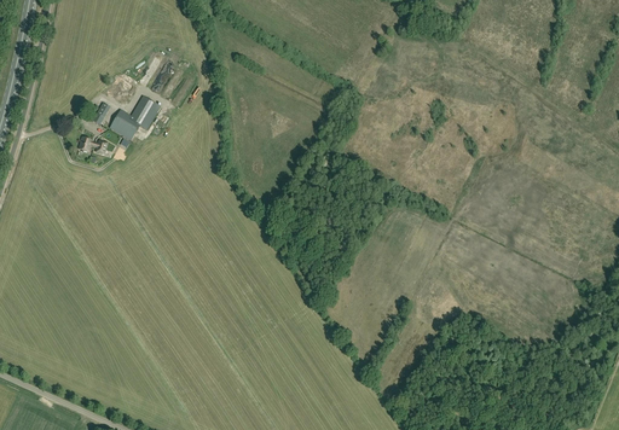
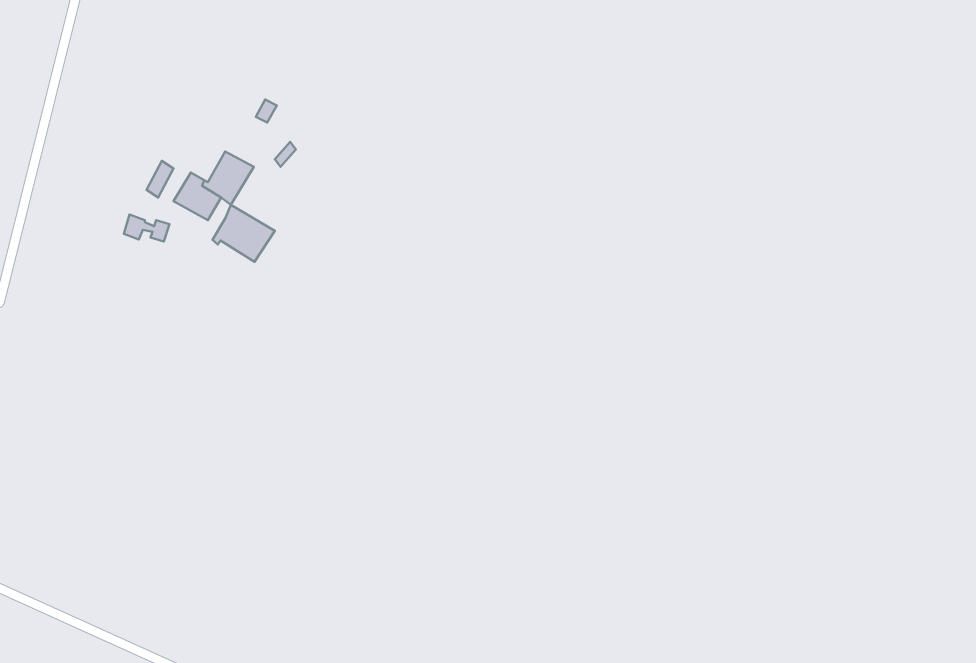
building: none -> [213,205,275,262]

